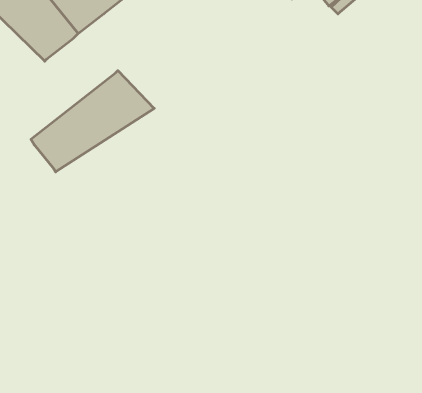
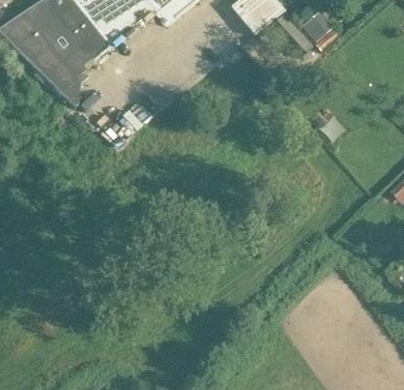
building: [31,71,154,172] -> none

